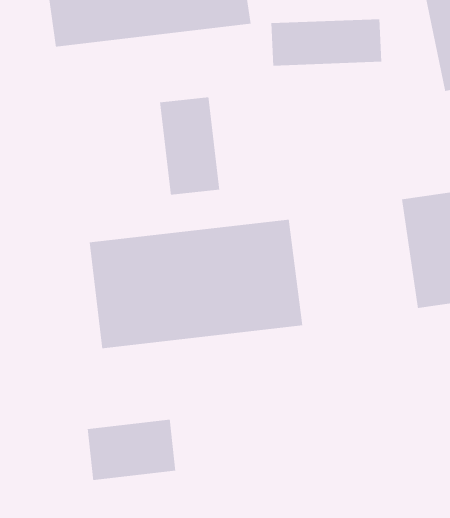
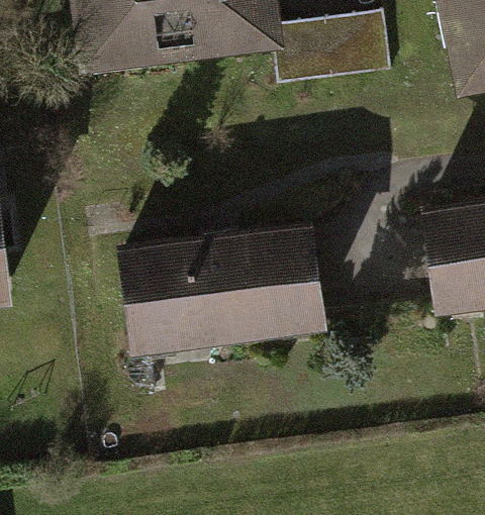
building: [160,96,220,195] -> none
building: [87,419,176,481] -> none

